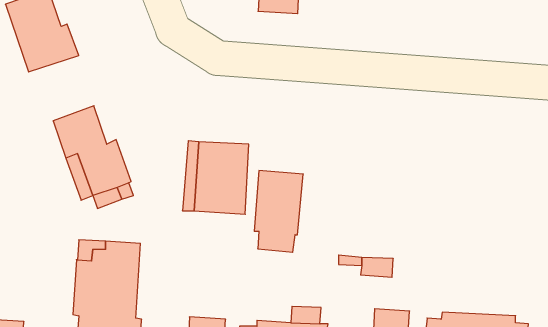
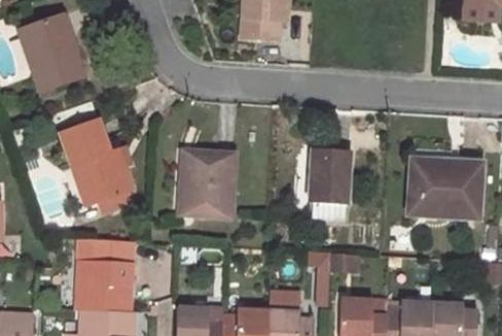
building: none -> [408,161,477,215]
building: [254,171,303,252] -> [307,147,350,220]

